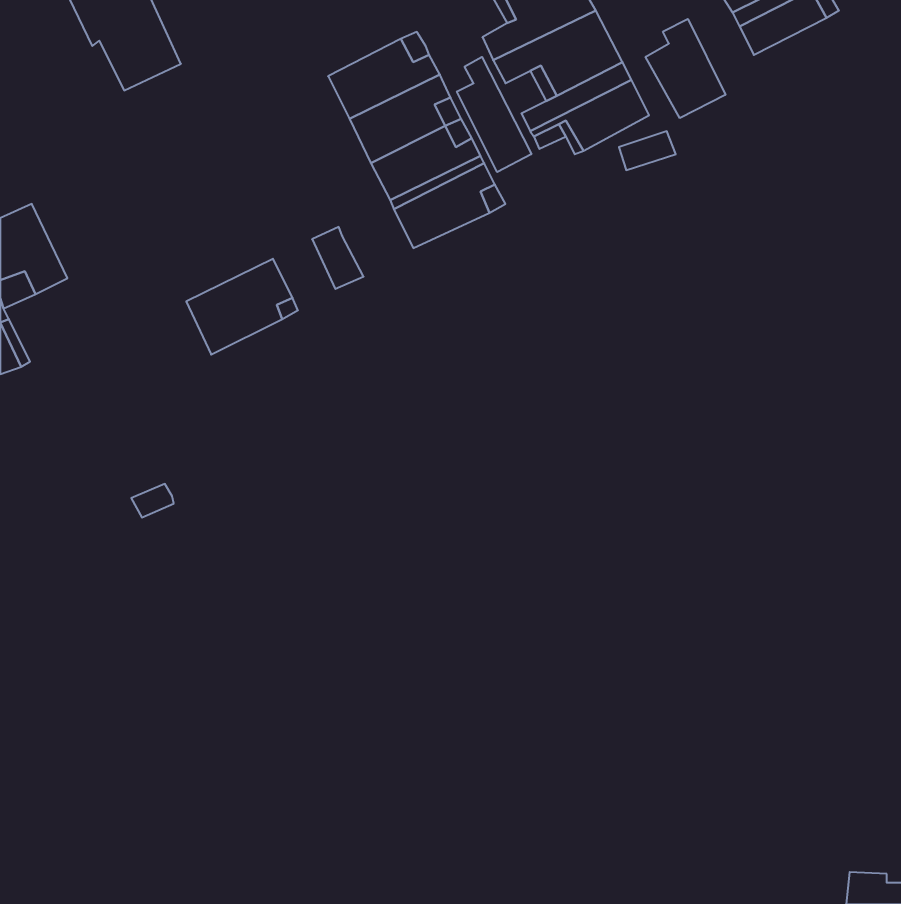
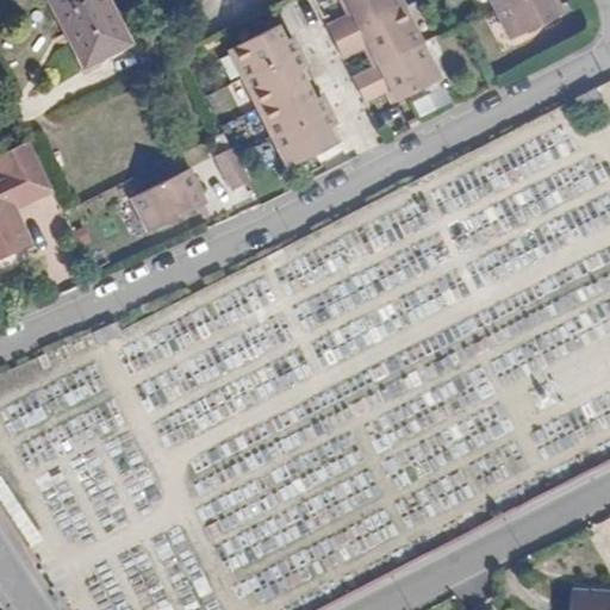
building: [646,19,725,118] -> none
building: [457,57,531,172] -> none

